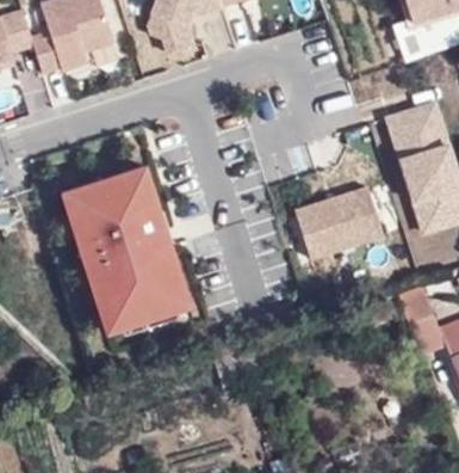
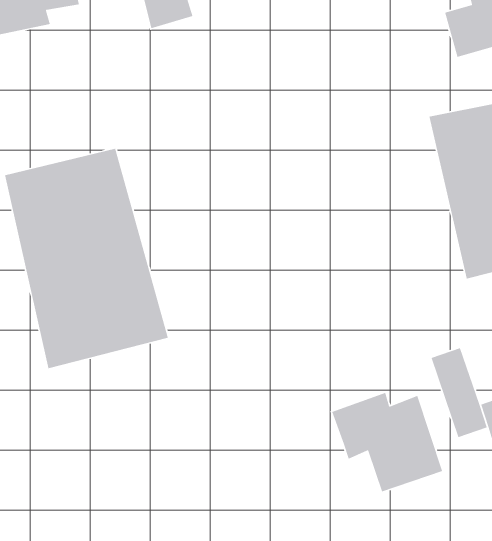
building: [297,185,384,260] -> none
building: none -> [331,392,443,493]

